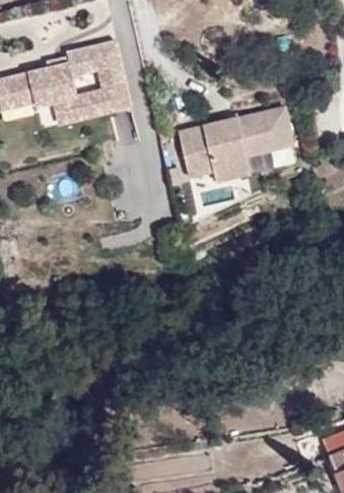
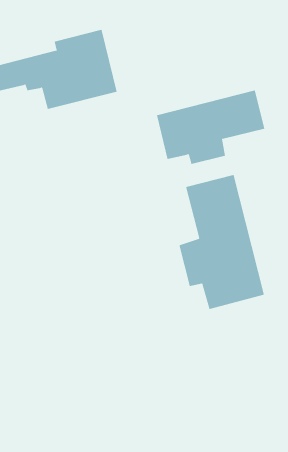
building: none -> [179,174,264,310]

